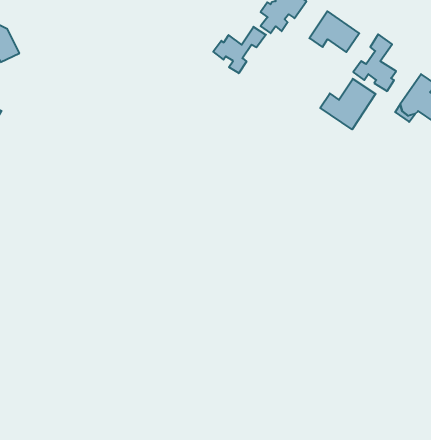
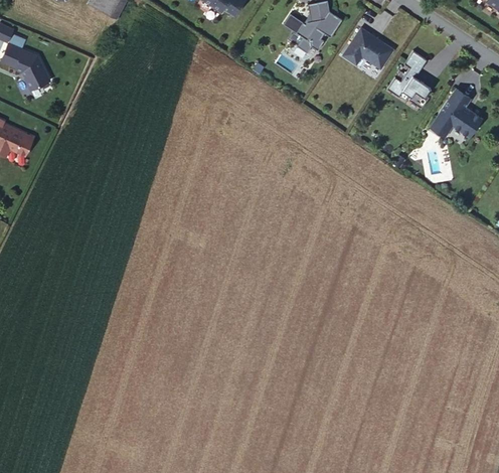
building: [213,27,266,73] -> none
building: [320,79,376,129] -> none

